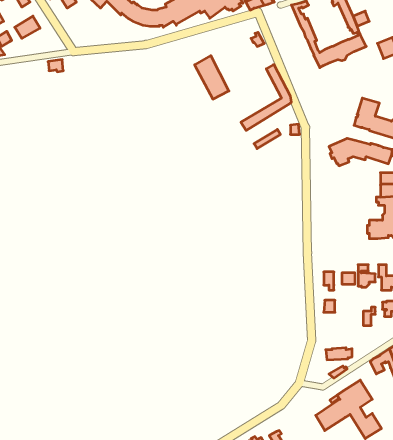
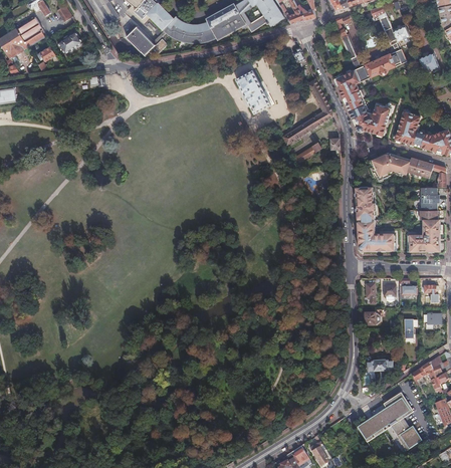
building: none -> [127,26,167,54]
building: none -> [334,69,391,136]
building: none -> [355,186,396,252]

